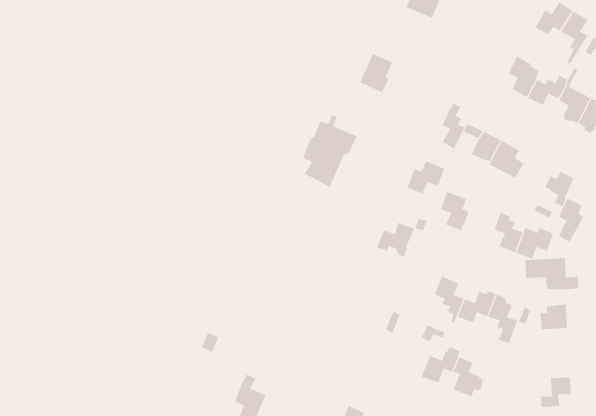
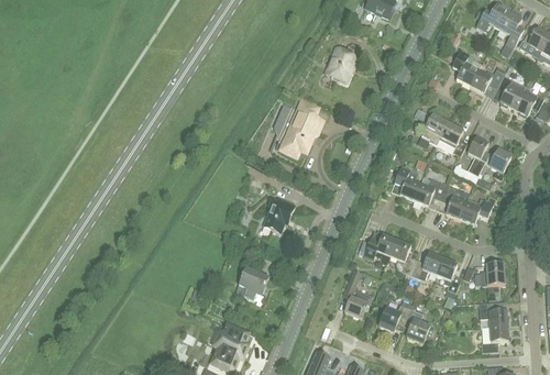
building: [442,103,465,150] -> none
building: [407,161,445,194] -> [413,177,446,206]
building: [558,198,584,242] -> [466,136,488,175]
building: [376,222,415,257] -> [362,233,395,263]
building: none -> [262,199,294,232]
building: [525,257,578,290] -> none
building: none -> [238,267,267,299]
building: none -> [343,289,372,318]
building: none -> [477,301,506,327]

